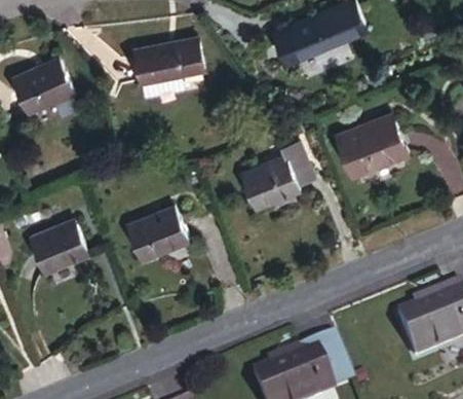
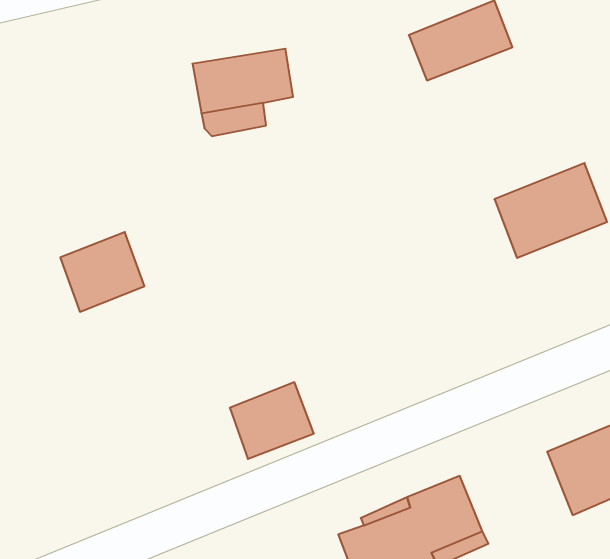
building: [21,61,78,111] -> none
building: [245,149,318,217] -> none
building: [131,210,189,262] -> [230,382,314,459]
building: [33,224,90,279] -> [60,232,144,312]

